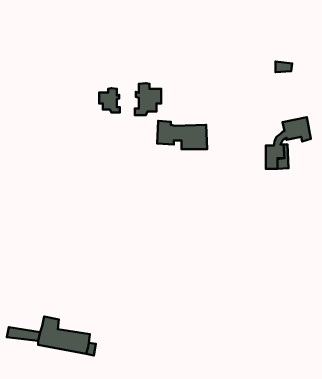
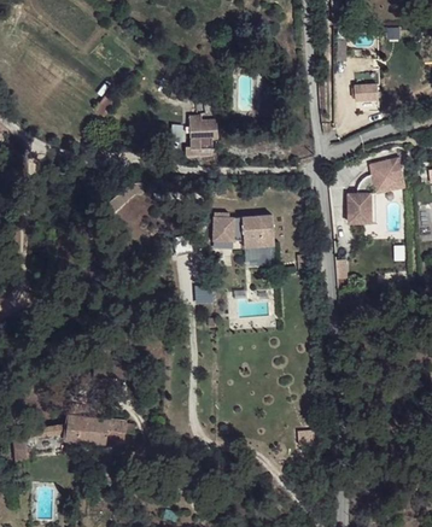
building: [99,88,120,112] -> none
building: [157,121,207,149] -> [212,213,274,248]

